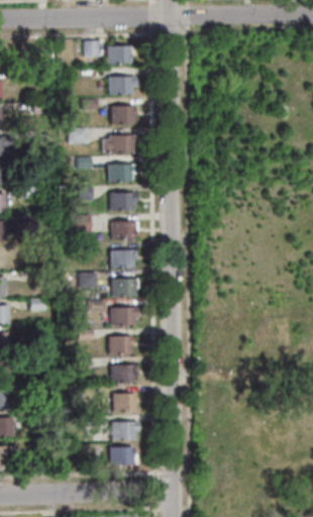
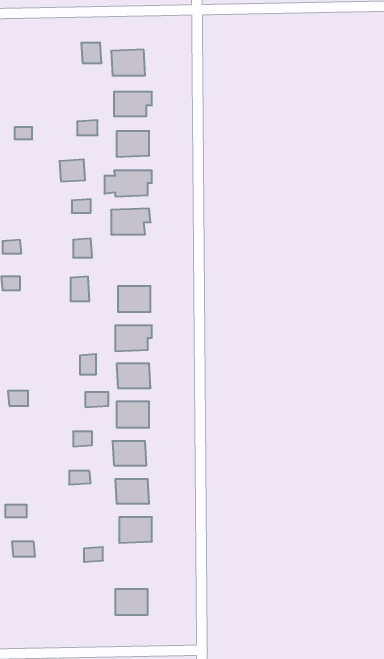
building: [109,192,137,211] -> none
building: [112,421,139,440] -> none

